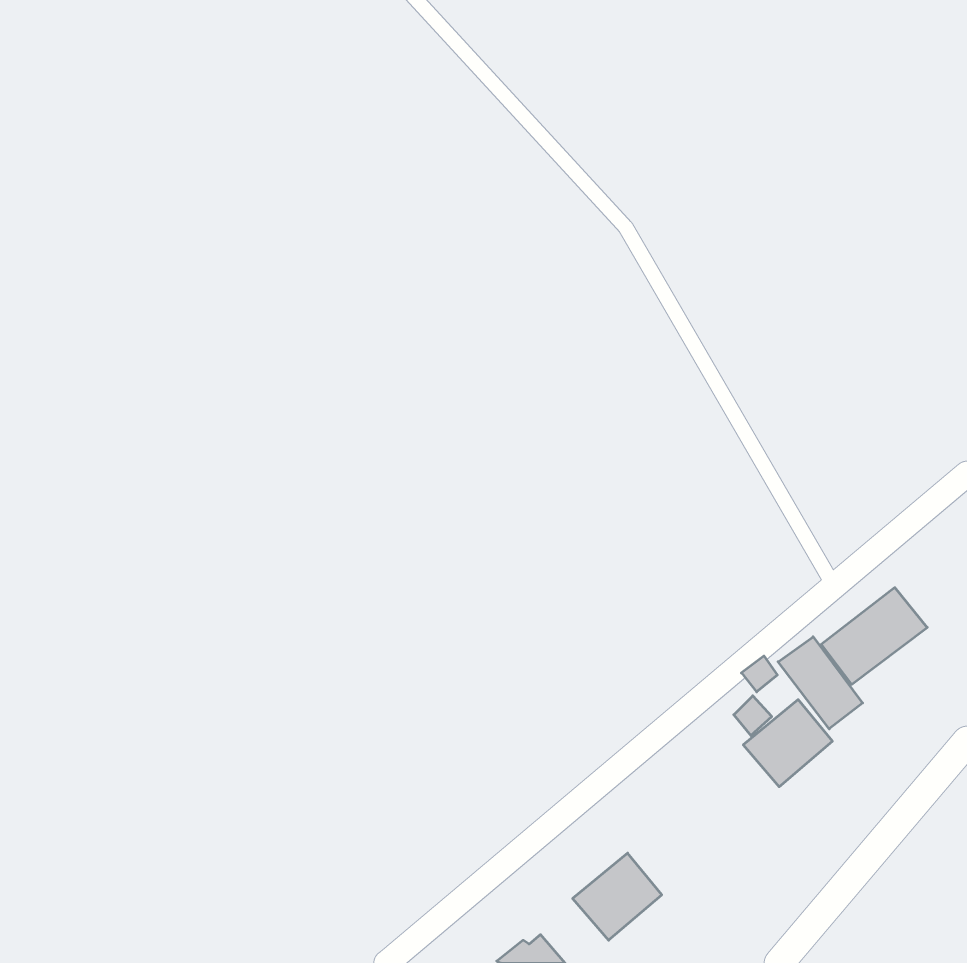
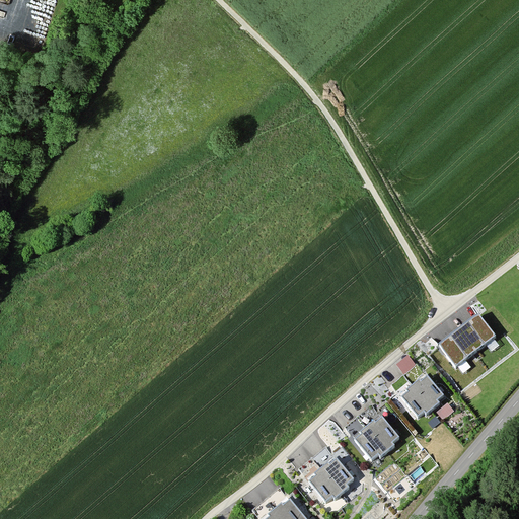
building: [778,637,863,729] -> none
building: none -> [352,416,399,462]

